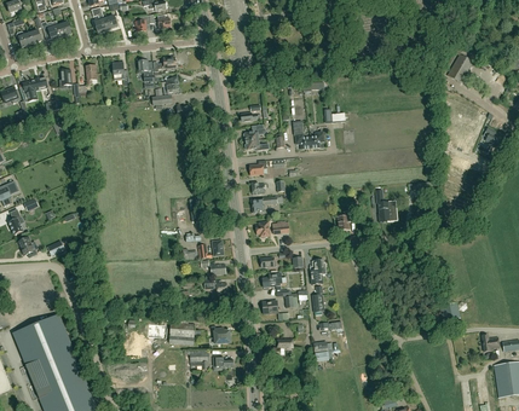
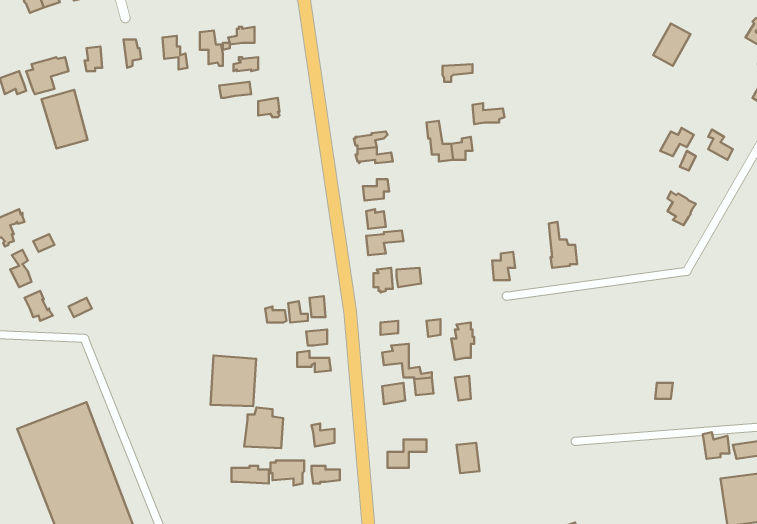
building: none -> [42,90,88,148]
building: none -> [210,355,256,406]

